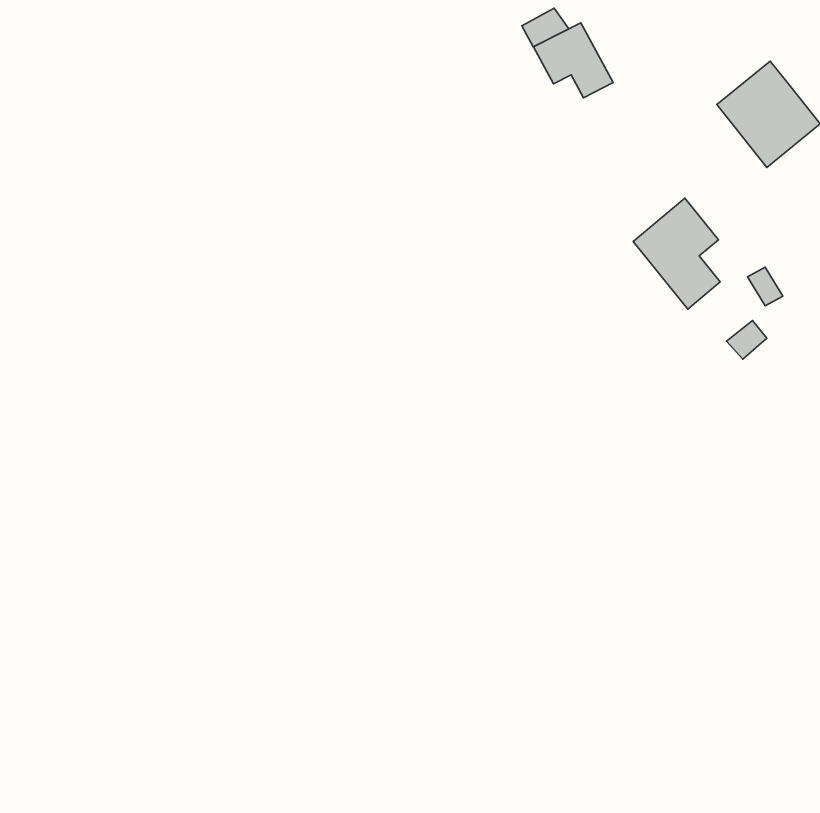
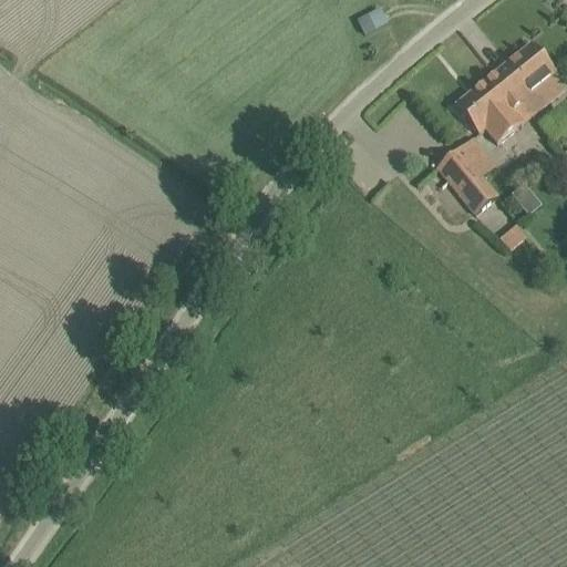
building: [534,23,613,98] -> none
building: none -> [453,72,527,142]

